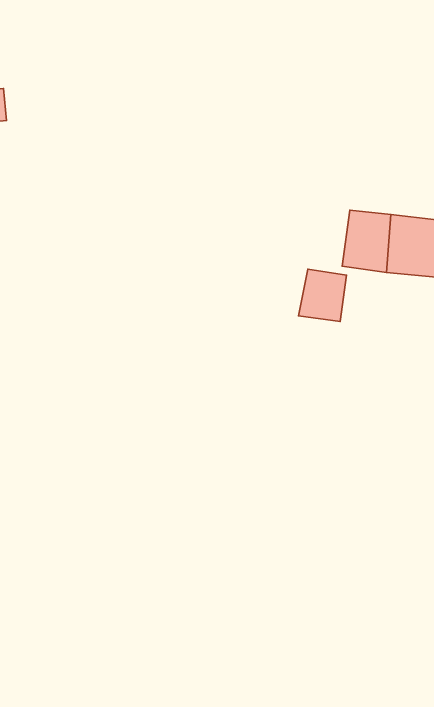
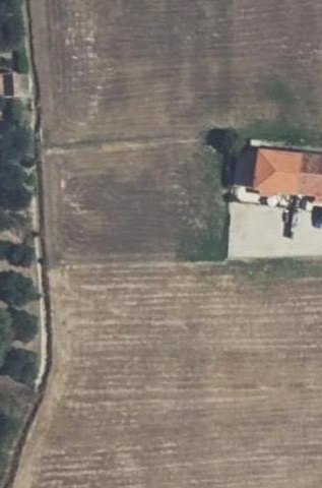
building: [298,269,347,321] -> none

